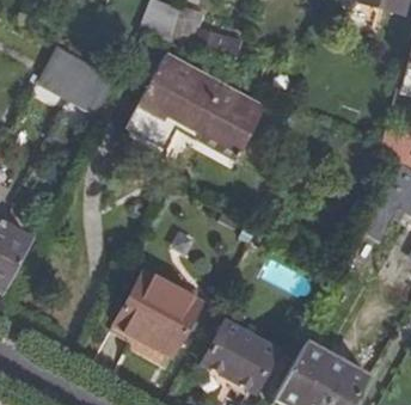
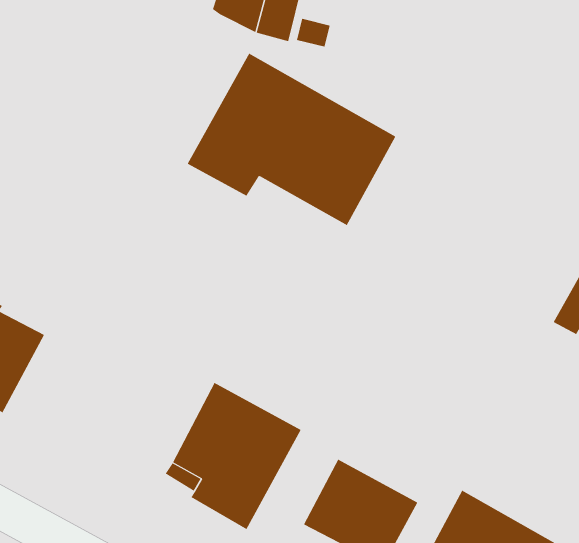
building: [45,49,109,105] -> none

